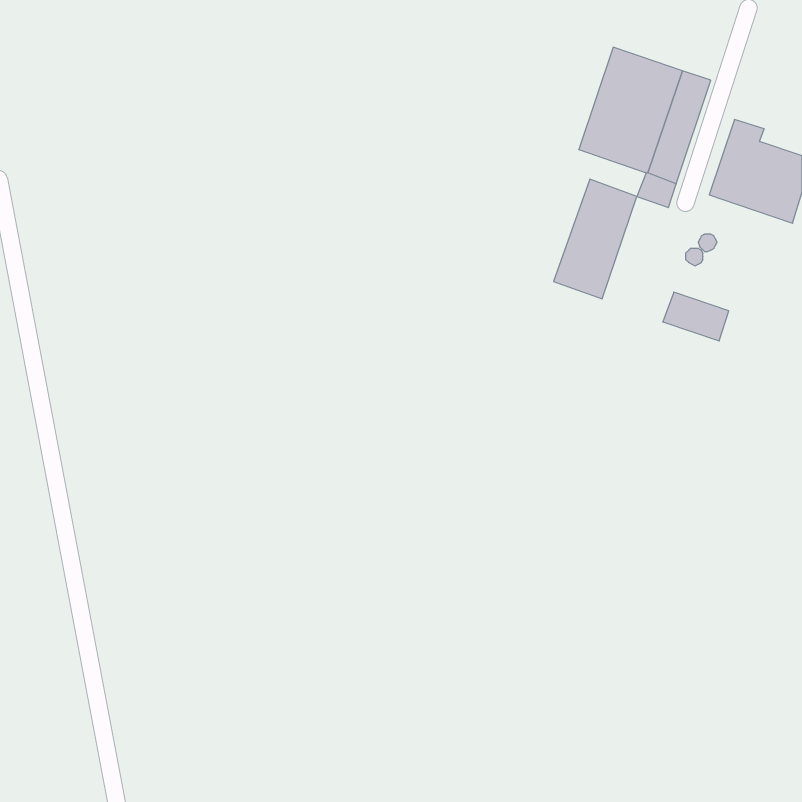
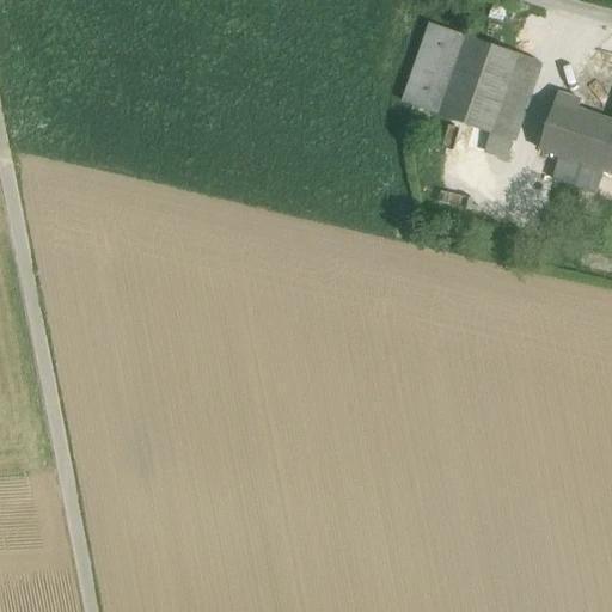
building: [554,179,637,299] -> [403,23,466,114]
building: [663,292,729,341] -> [552,155,602,192]

